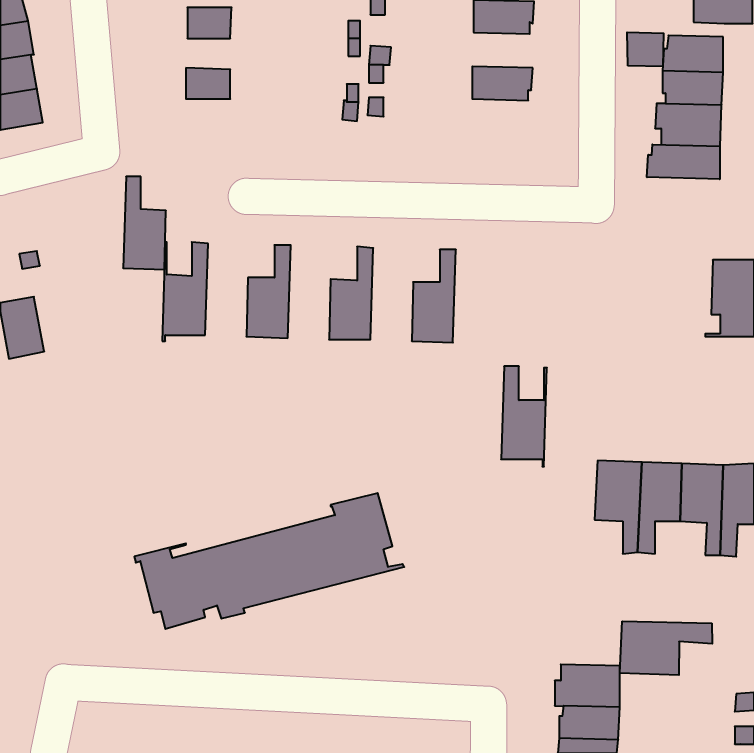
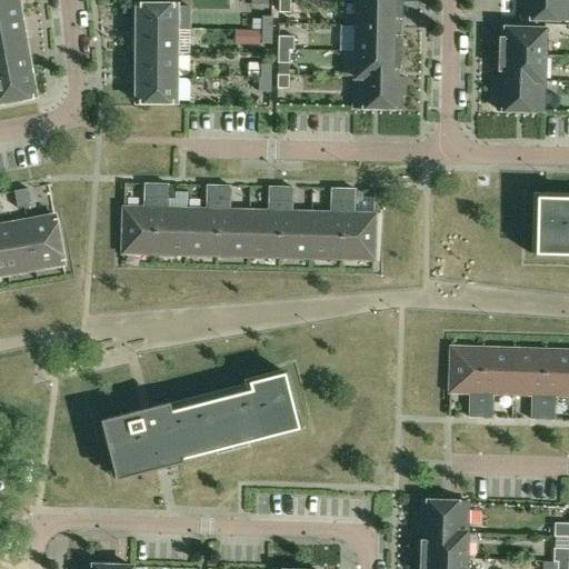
building: [627,32,664,67] -> none
building: none -> [356,24,401,51]
building: none -> [140,29,173,52]
building: none -> [140,74,173,98]
building: none -> [355,74,405,107]
building: [647,144,720,179] -> none
building: [123,177,166,270] -> [154,183,187,253]
building: none -> [217,184,249,256]
building: none -> [279,187,311,257]
building: none -> [26,219,60,264]
building: [501,366,547,467] -> [341,188,376,263]
building: [620,621,712,675] -> none

